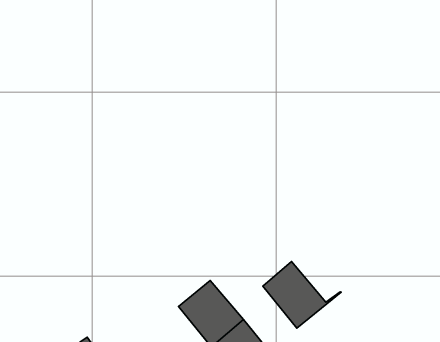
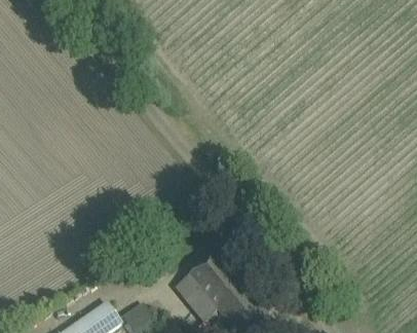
building: [263,262,341,328] -> none

